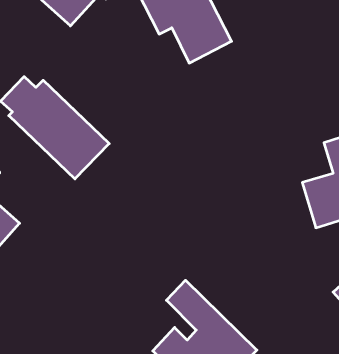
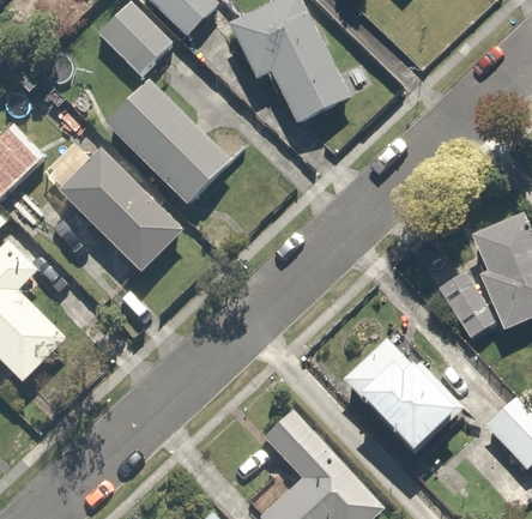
building: none -> [102,78,231,205]
building: none -> [346,330,471,457]

